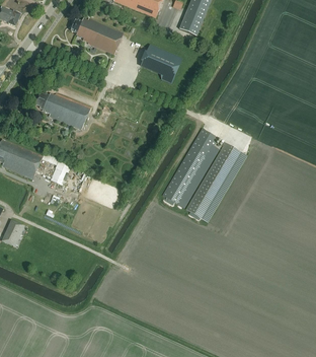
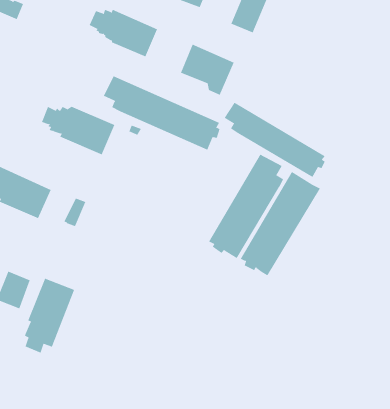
building: none -> [103,76,220,151]
building: none -> [224,102,325,178]
building: none -> [24,278,75,354]

